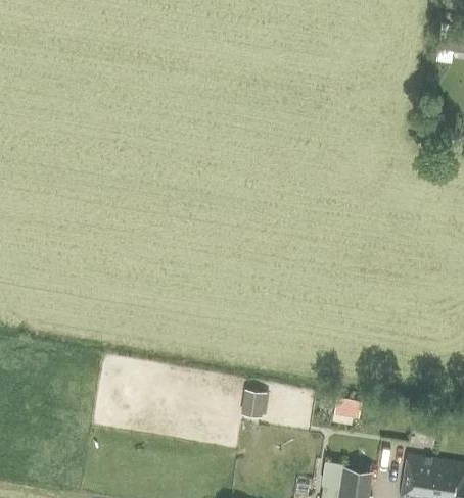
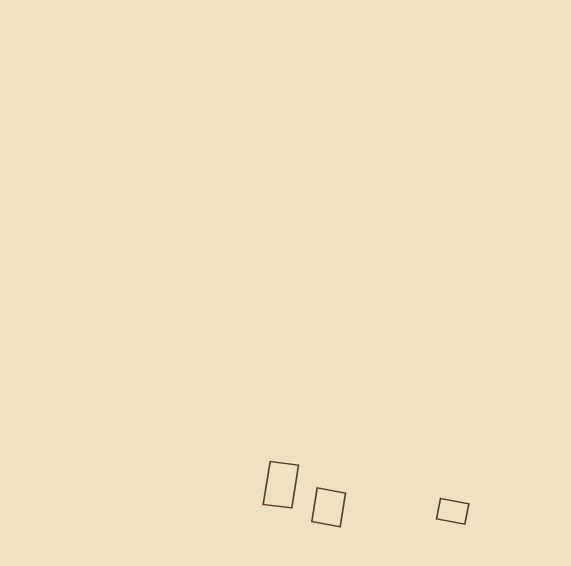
building: none -> [263,462,299,508]

